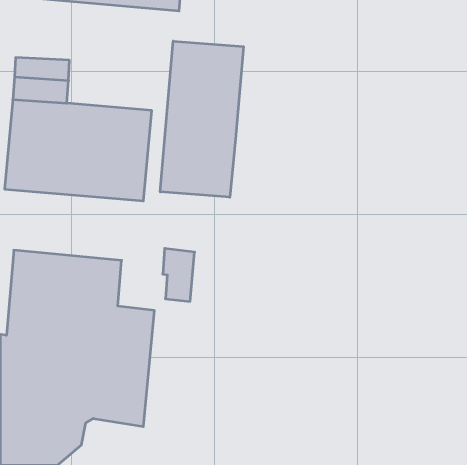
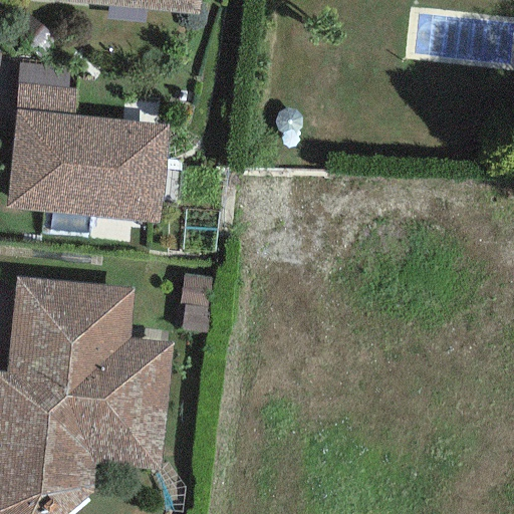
building: [160,41,243,197] -> none

